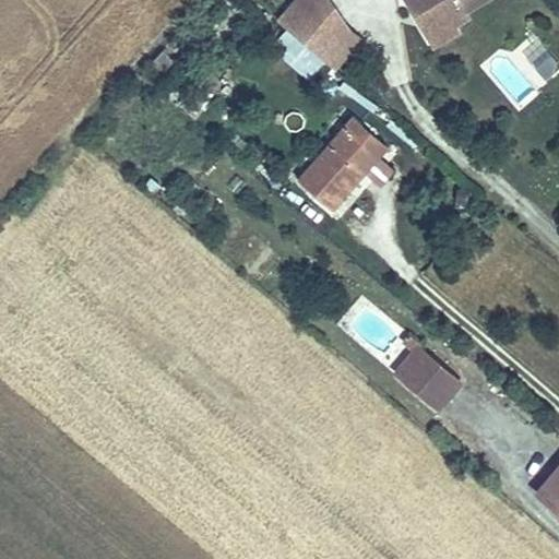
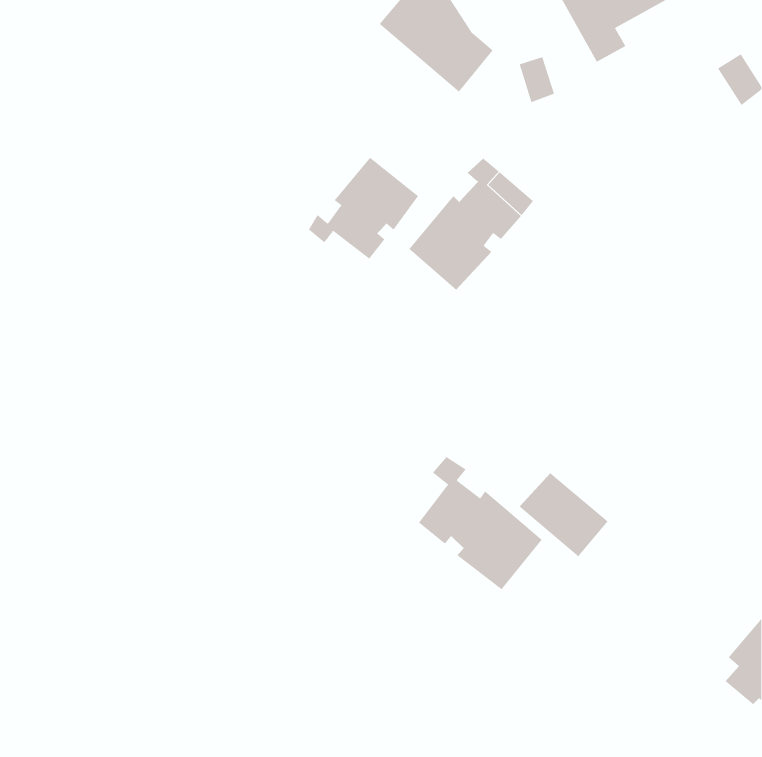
building: none -> [308,157,419,260]
building: none -> [418,456,543,590]

